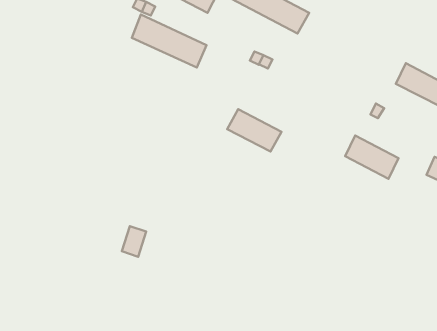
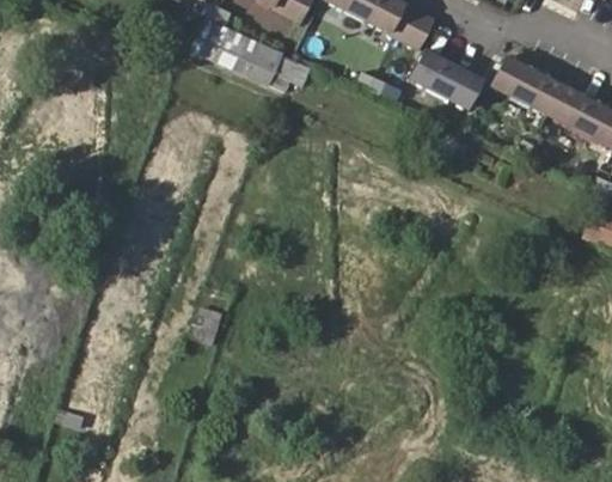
building: [227,109,281,152] -> [406,51,478,108]
building: [345,136,398,179] -> [494,57,564,115]

